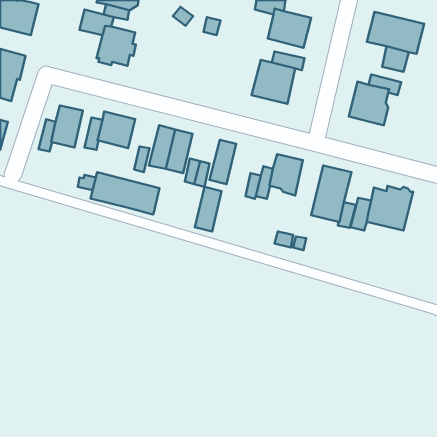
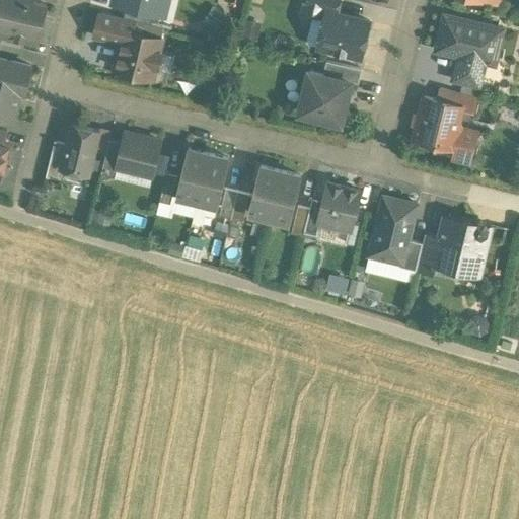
building: none -> [452,129,476,163]
building: [90,172,160,214] -> none
building: [195,187,221,231] -> [269,171,300,224]

